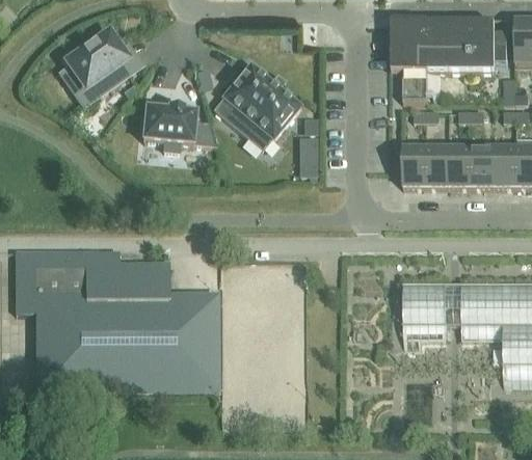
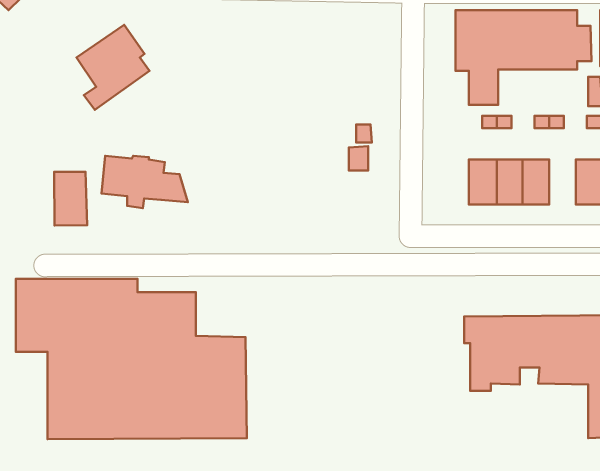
building: [214,61,300,147] -> none
building: [142,106,216,151] -> [102,156,188,208]
building: [472,147,495,186] -> none
building: none -> [54,172,87,225]

